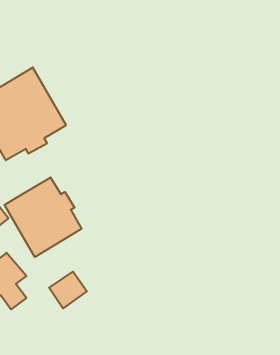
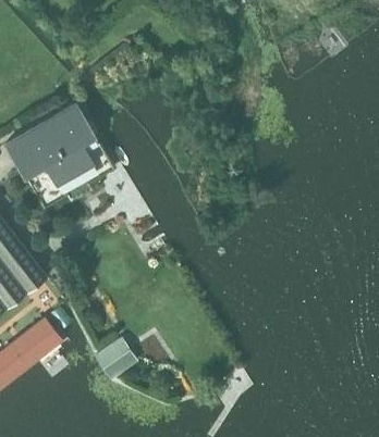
building: [4,177,82,257] -> none

